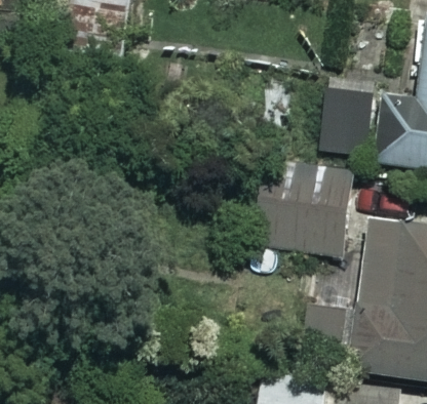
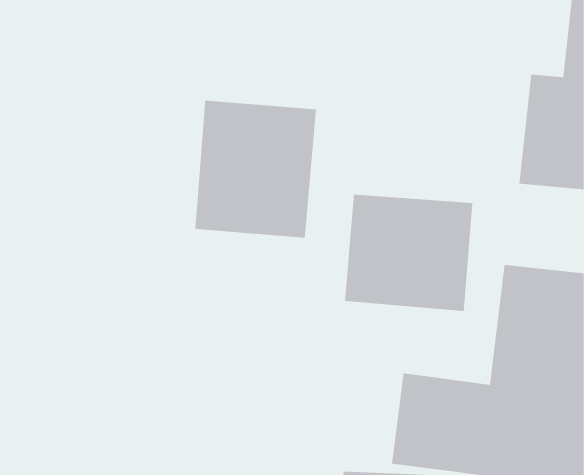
building: none -> [195,100,317,238]

